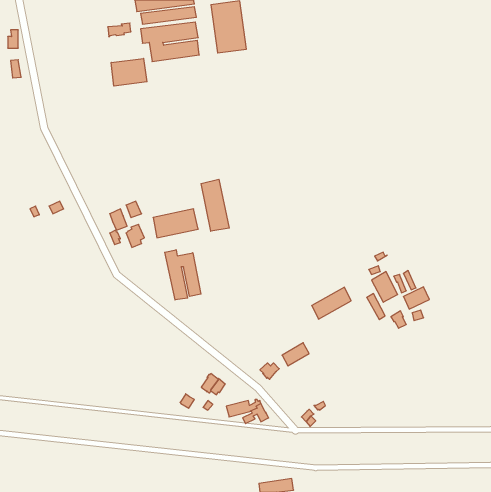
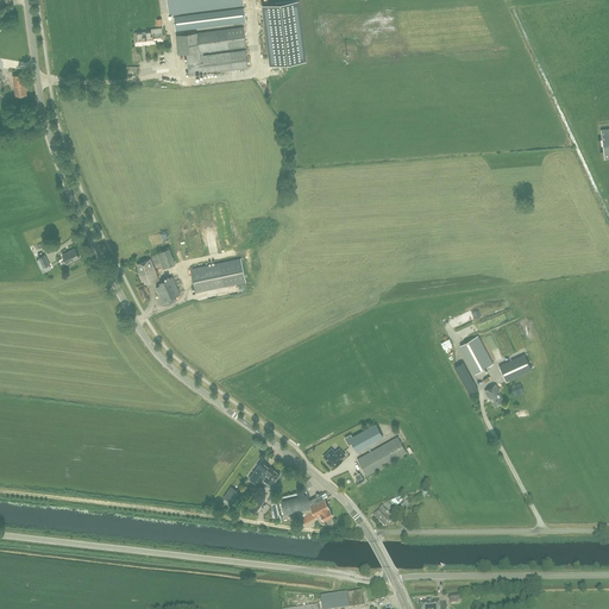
building: [111,58,147,86] -> none
building: [201,179,229,231] -> none
building: [165,250,201,300] -> none
building: [312,287,351,319] -> [357,437,406,476]

